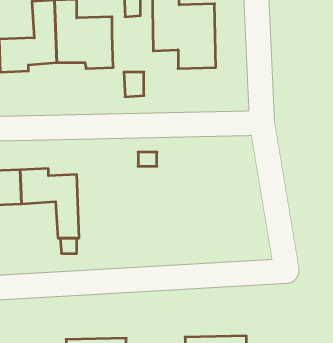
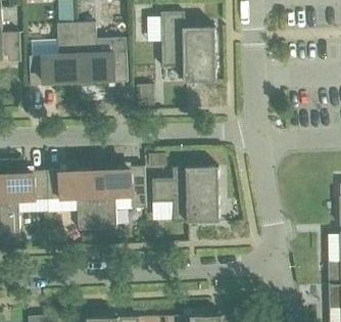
building: none -> [95,166,145,229]
building: none -> [151,166,218,222]

